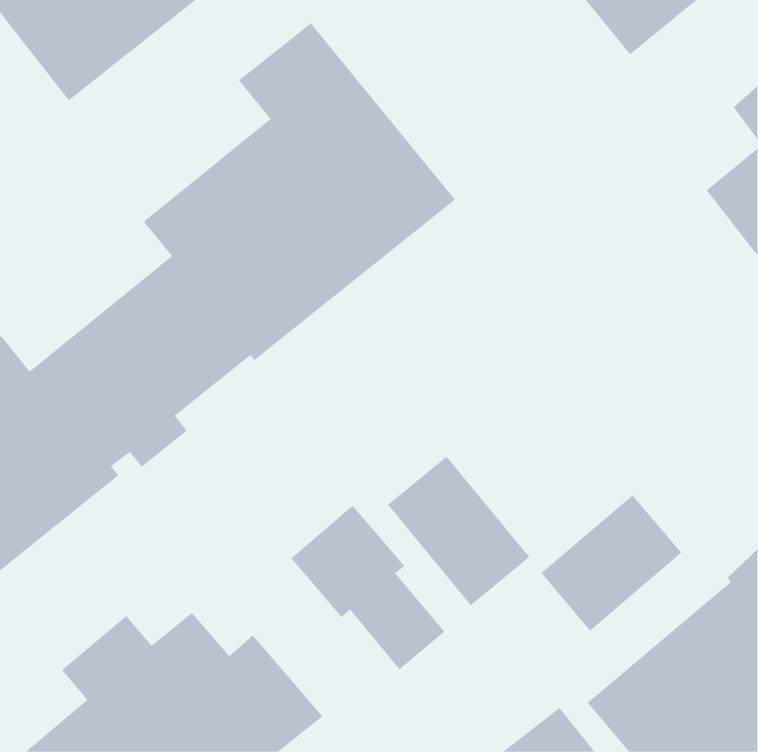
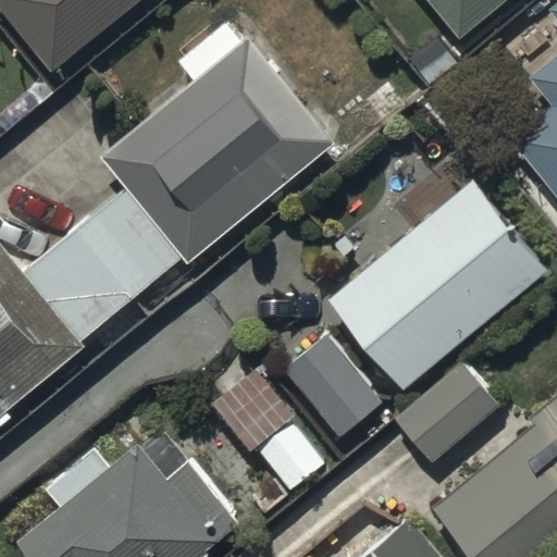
building: none -> [329,182,548,391]

